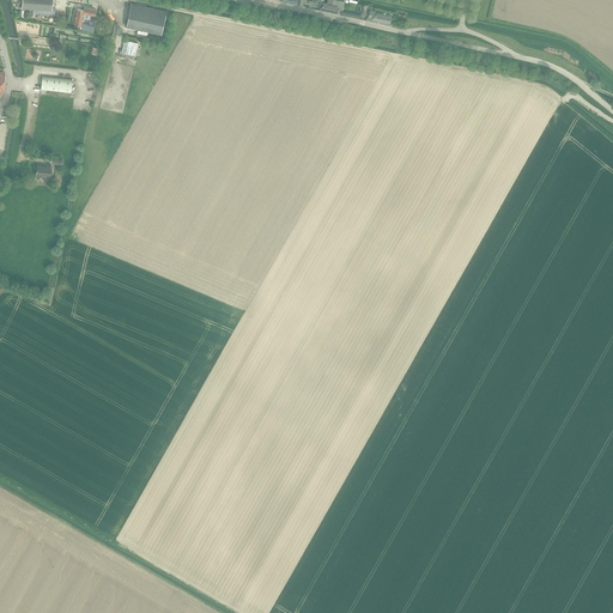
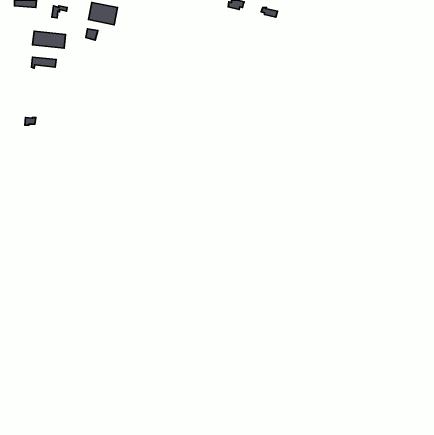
building: none -> [33,31,65,48]

